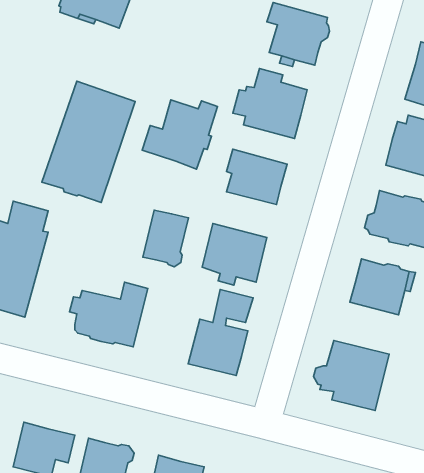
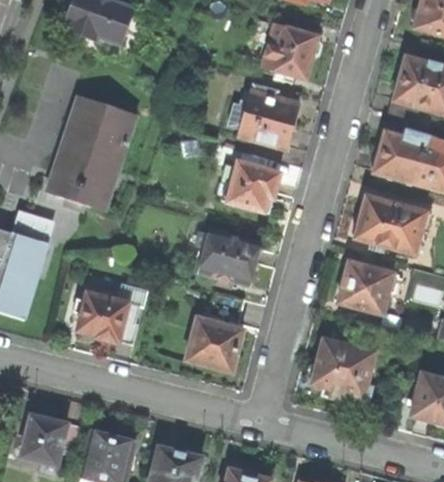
building: [142,100,218,169] -> none
building: [143,210,188,267] -> none

